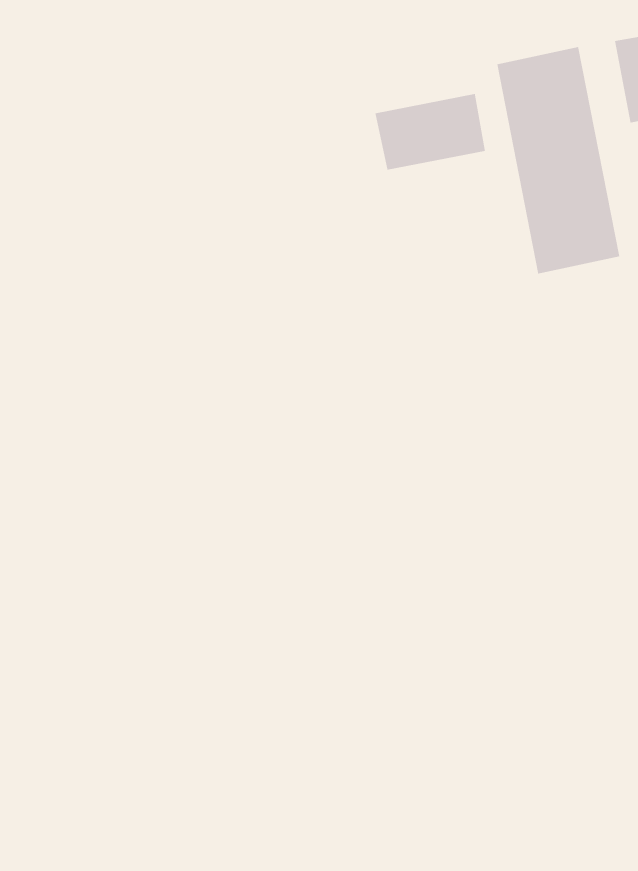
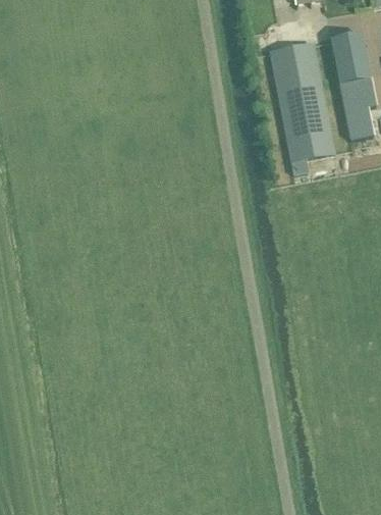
building: [375,93,486,170] -> none

